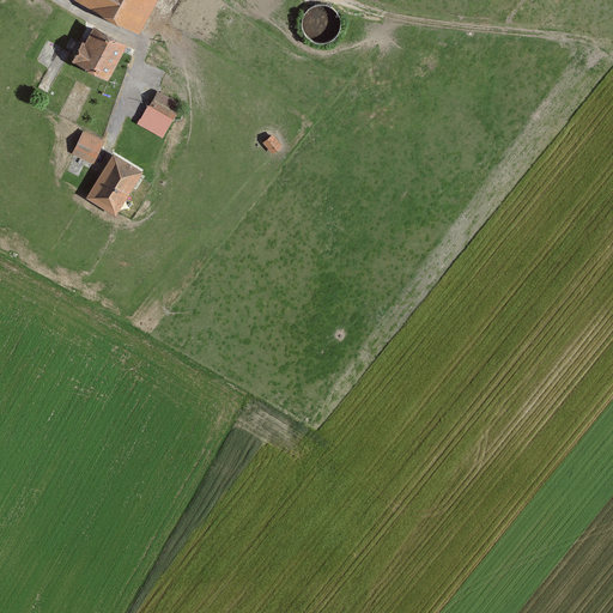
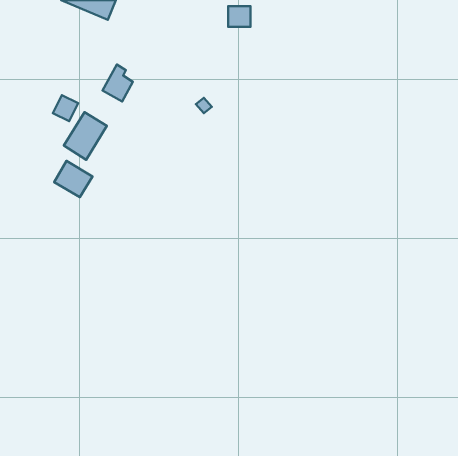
building: [72,26,126,79] -> none
building: none -> [54,161,92,197]

